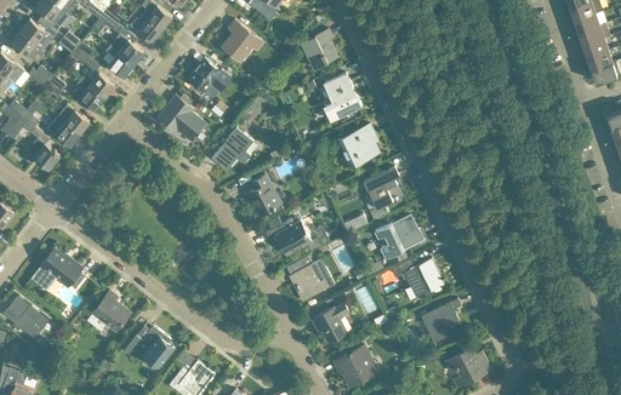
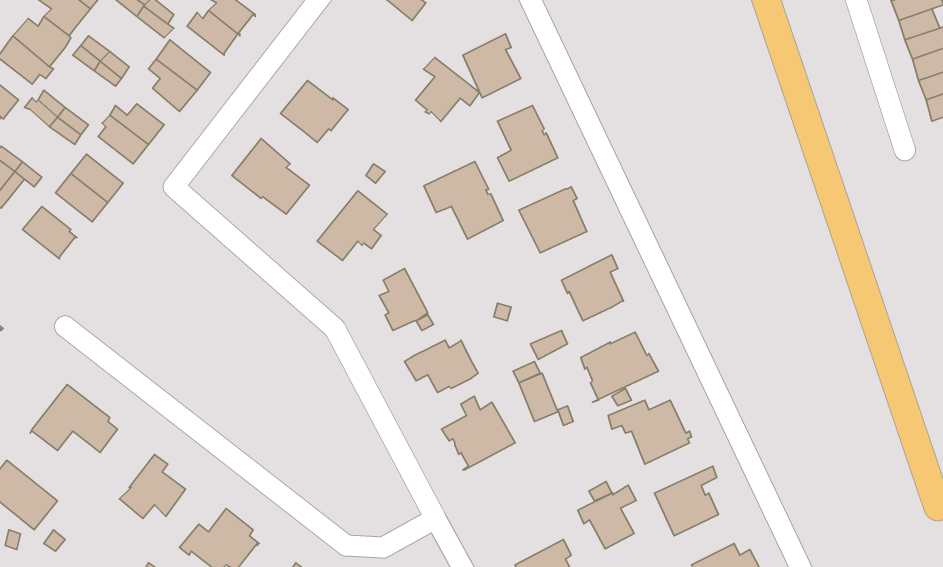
building: [222,21,262,61] -> [416,58,480,121]
building: none -> [424,161,503,239]
building: [310,303,347,343] -> [578,485,636,549]

